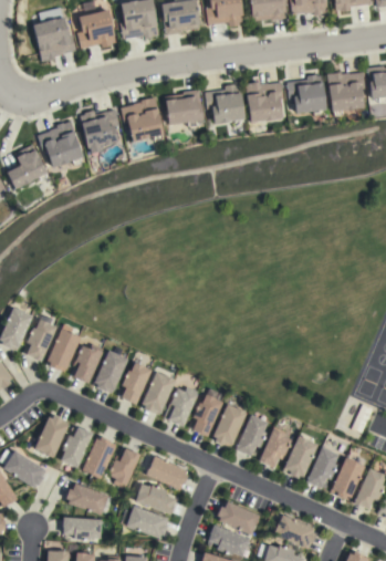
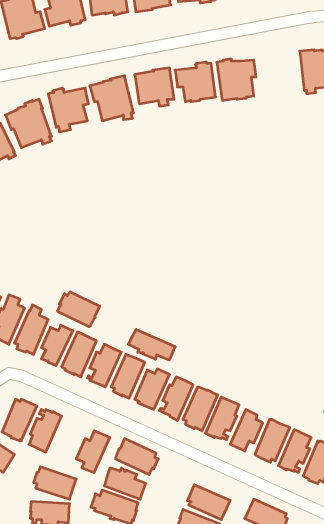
building: [286,74,326,115] -> none
building: none -> [58,292,100,327]
building: none -> [128,329,175,360]
building: [82,437,116,482] -> none

